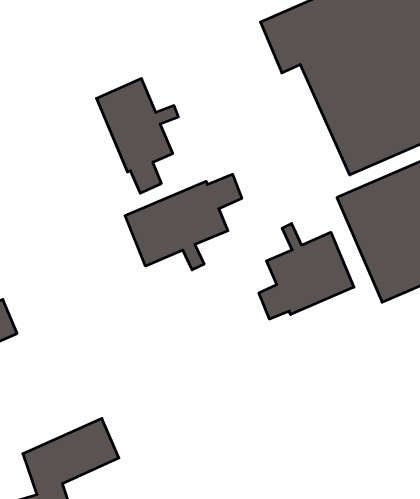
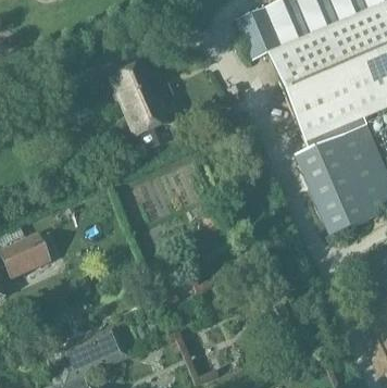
building: [125,174,242,270] -> none
building: [259,223,354,319] -> none

